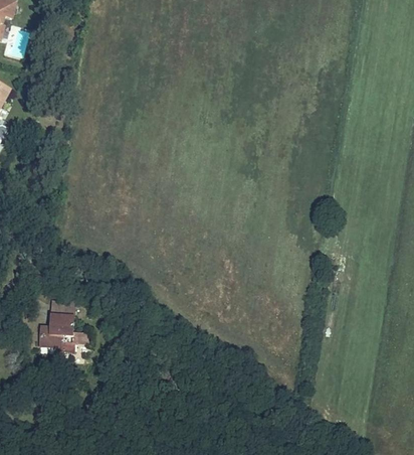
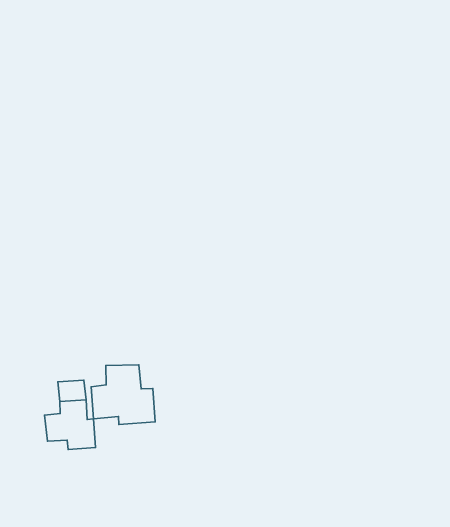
building: none -> [91,365,155,424]

